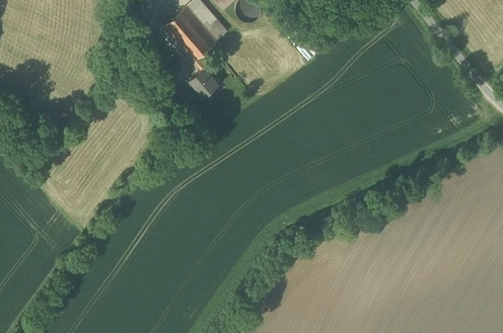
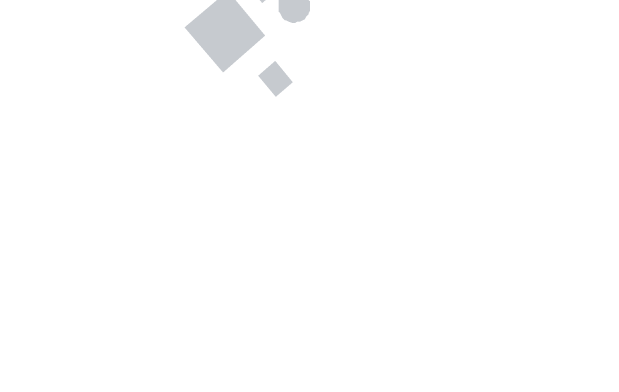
building: [191,68,219,97] -> [257,60,294,98]

